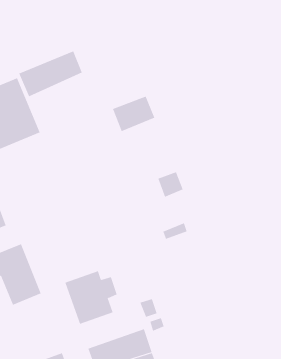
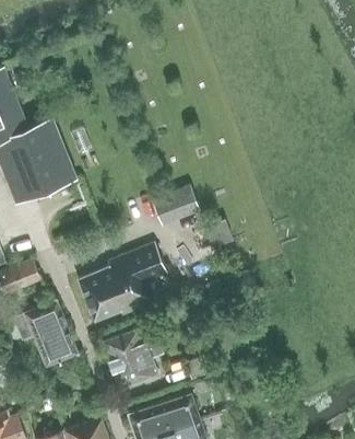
building: [19,50,83,97] -> none
building: [112,96,155,132] -> [152,186,199,226]
building: none -> [78,243,170,321]

